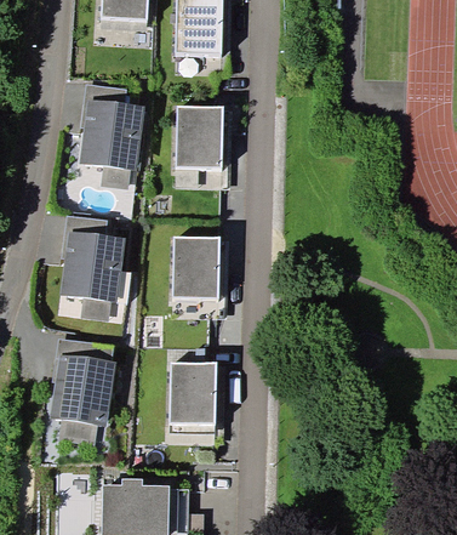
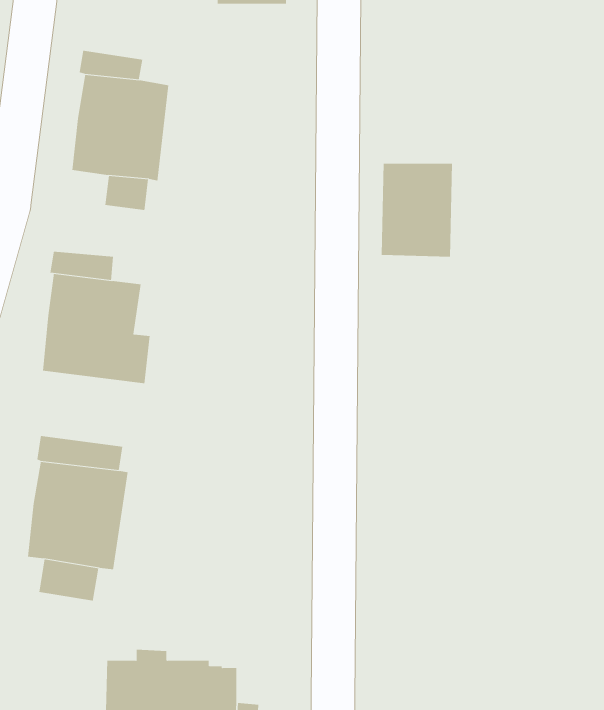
building: [175,108,222,170] -> [381,163,453,257]
building: [172,238,219,300] -> none
building: [170,364,216,425] -> none

